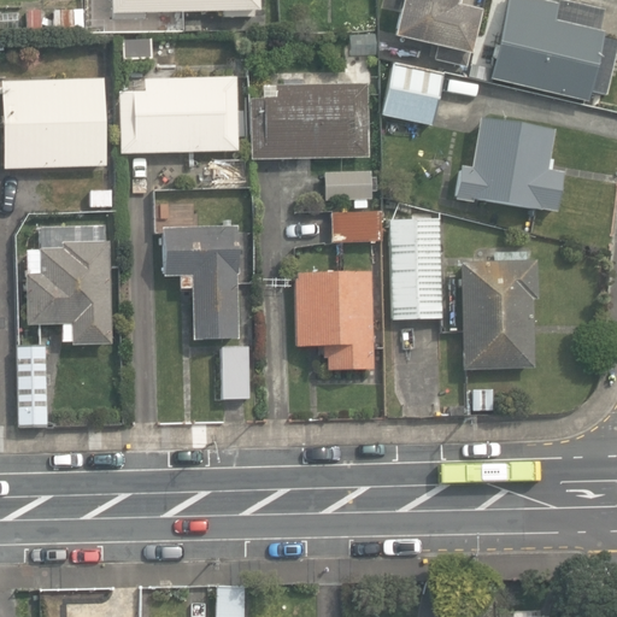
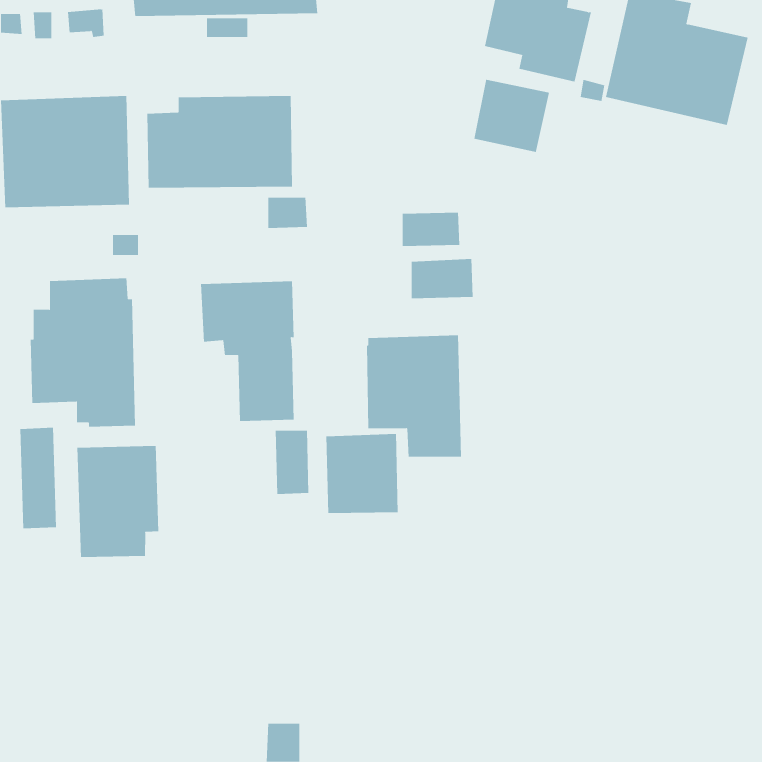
building: [251,82,369,159] -> none
building: [454,117,564,211] -> none
building: [389,218,442,319] -> none
building: [459,248,536,369] -> none
building: none -> [326,433,398,514]
building: none -> [77,445,159,558]

